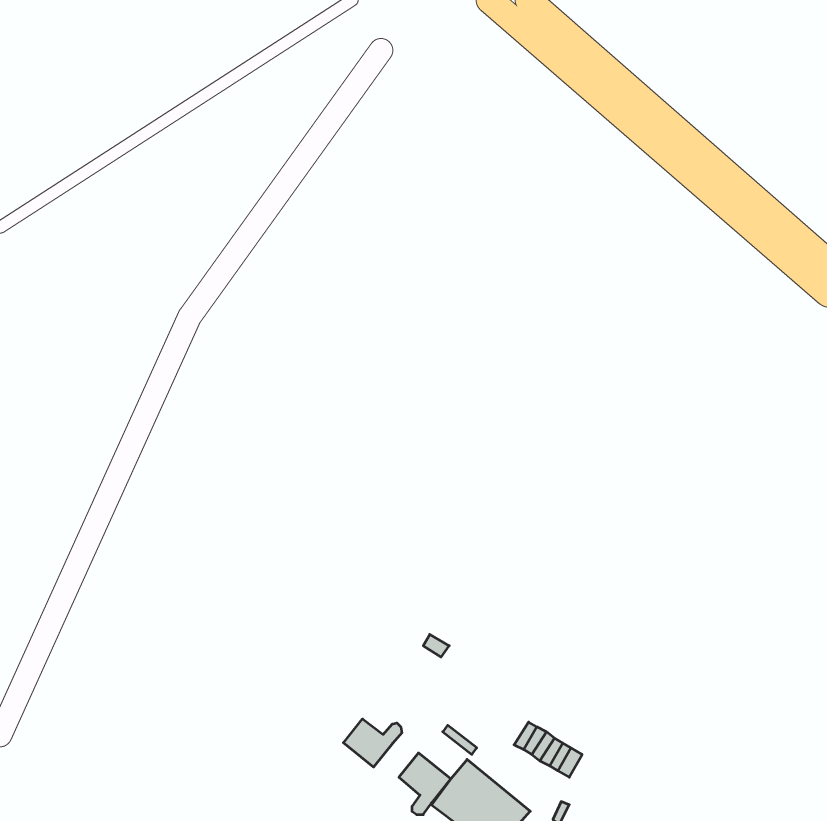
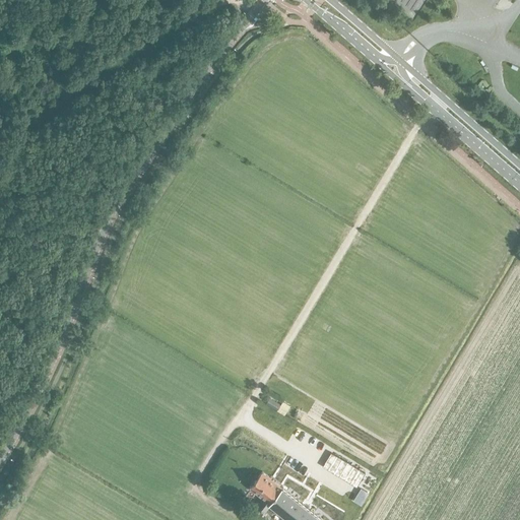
building: [343,719,402,767] -> none

